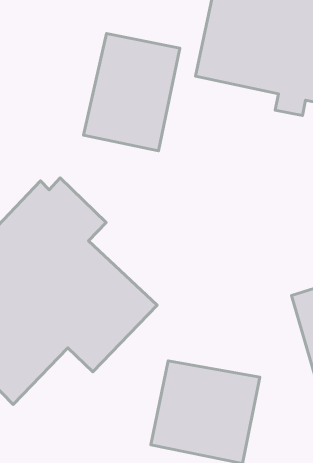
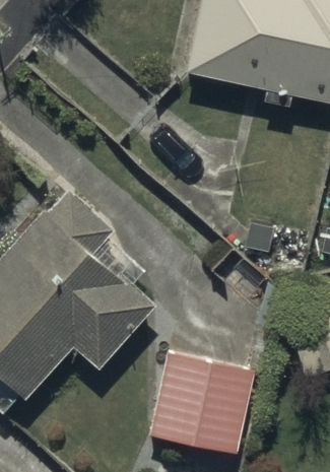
building: [83,33,180,151] -> none

